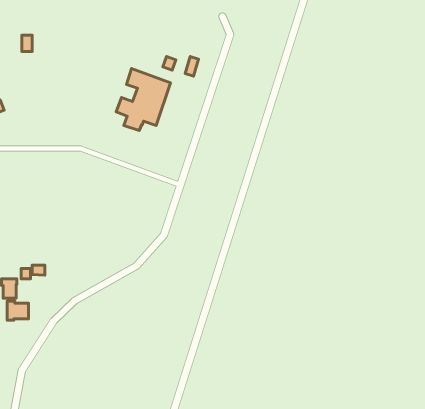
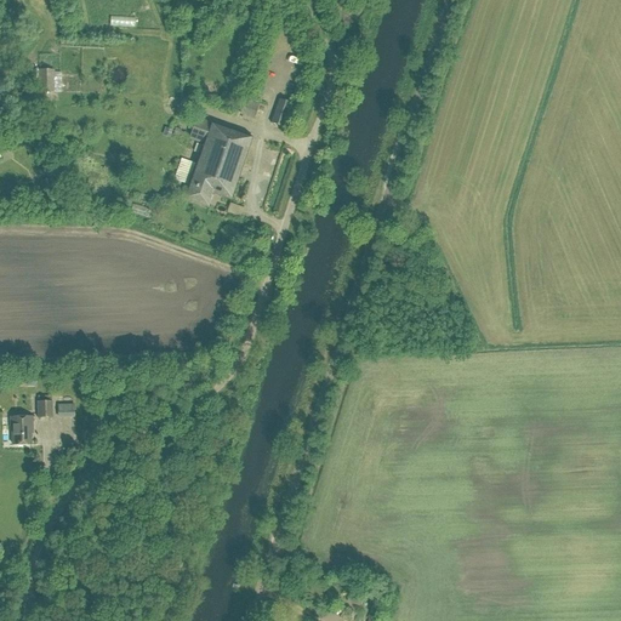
building: [7,301,29,320] -> none

